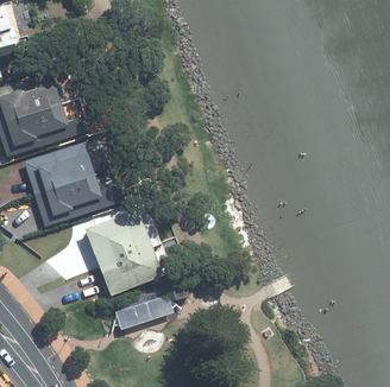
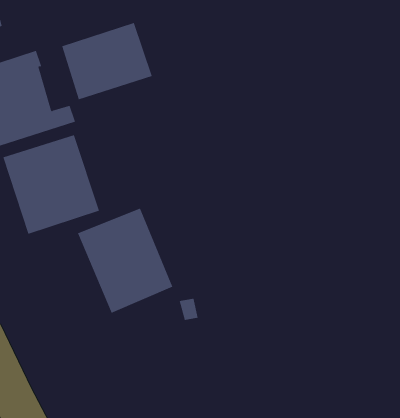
building: none -> [62,22,153,100]
building: [114,291,174,329] -> none

